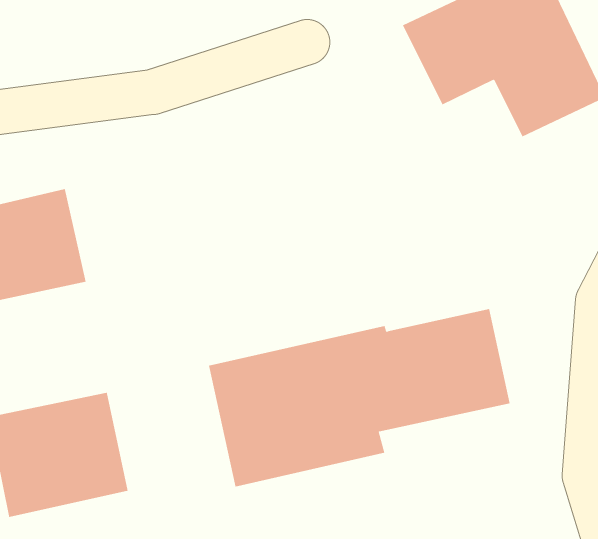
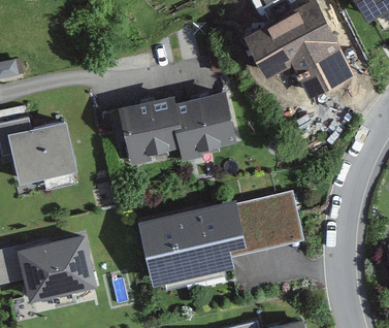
building: none -> [116,85,237,167]

